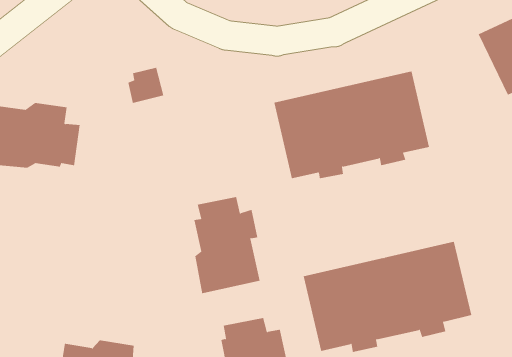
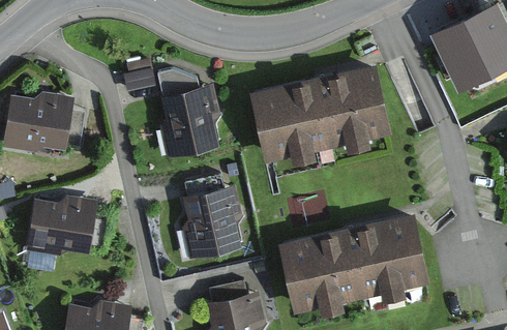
building: none -> [158,69,220,159]
building: none -> [26,196,109,256]

